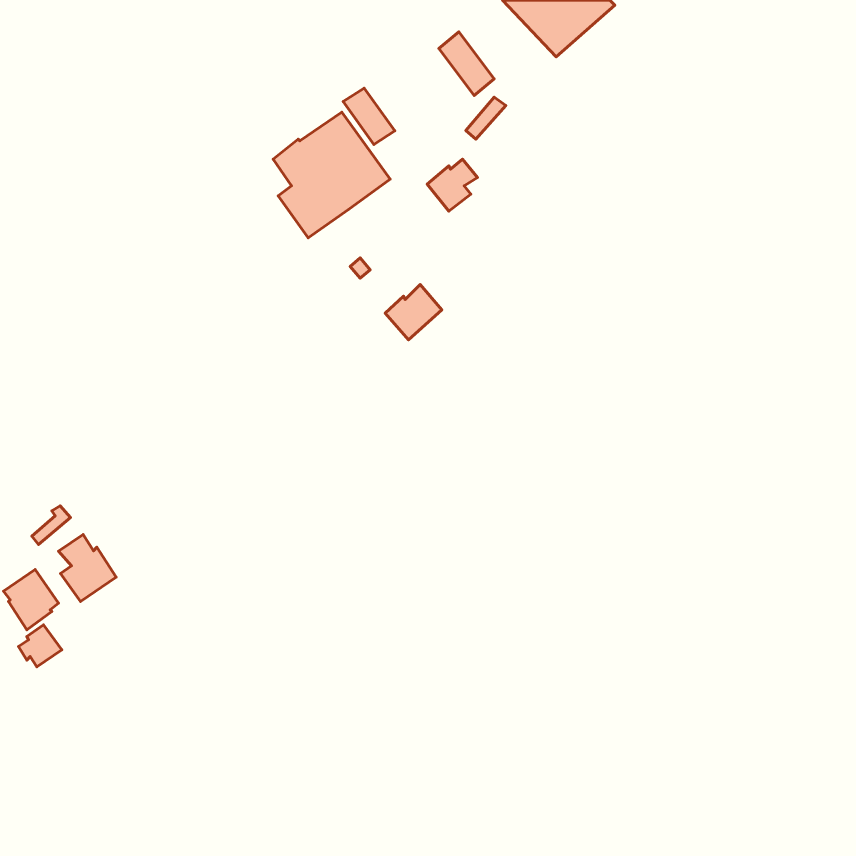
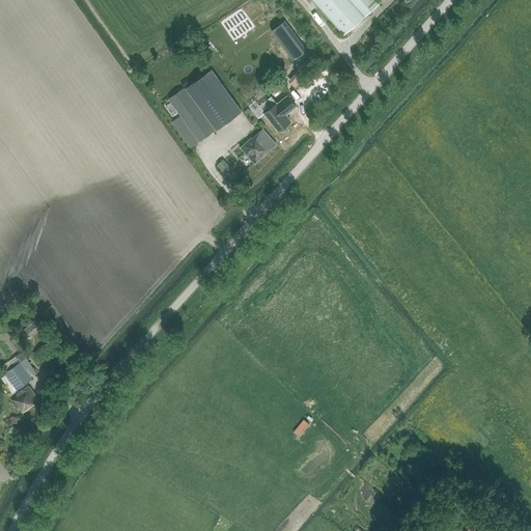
building: [343,88,395,144] -> none
building: [385,285,442,340] -> [240,130,275,164]
building: [58,534,116,601] -> none

